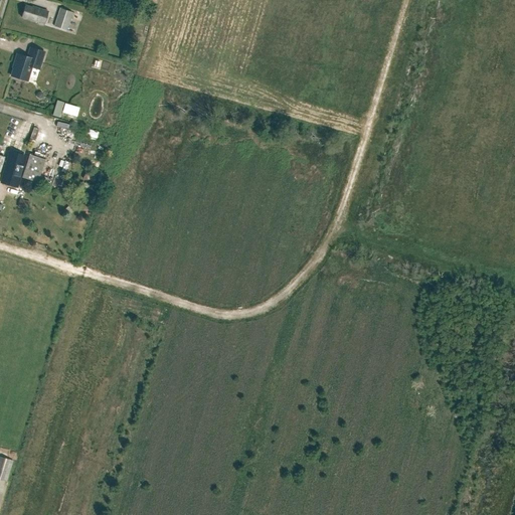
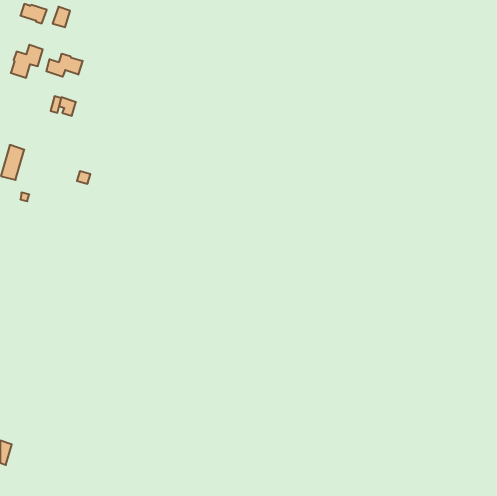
building: none -> [46,54,83,77]
building: [21,153,44,181] -> none

